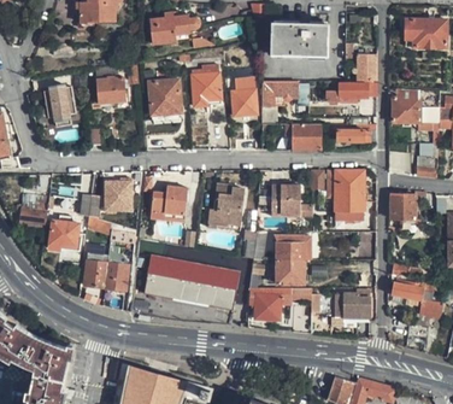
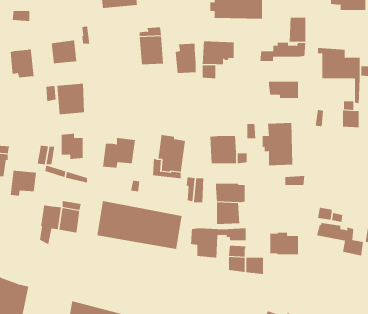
building: [149,78,181,113] -> [57,83,85,115]
building: [292,122,322,148] -> none
building: [392,194,416,219] -> none

